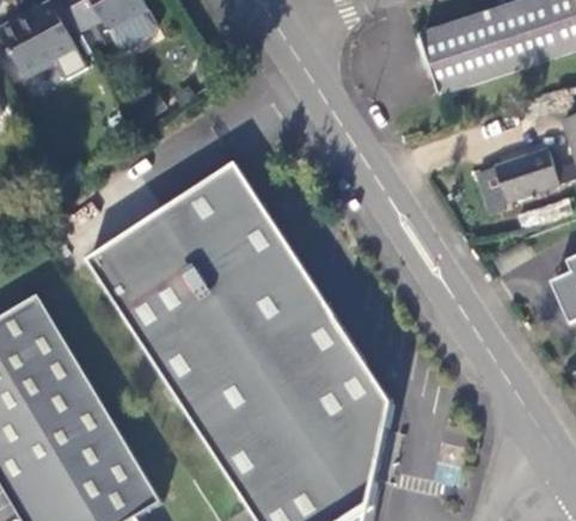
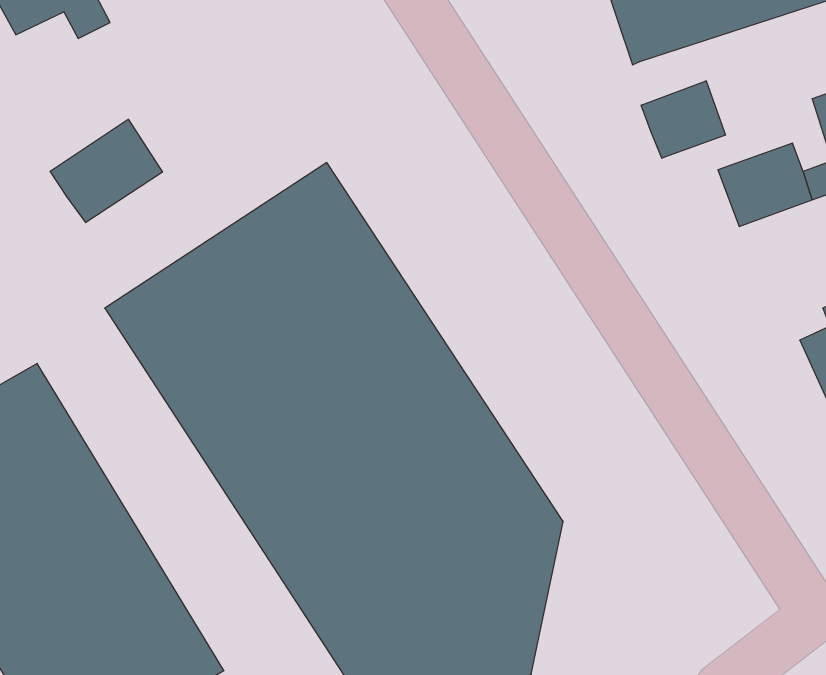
building: none -> [641,81,726,158]
building: none -> [50,119,162,223]

